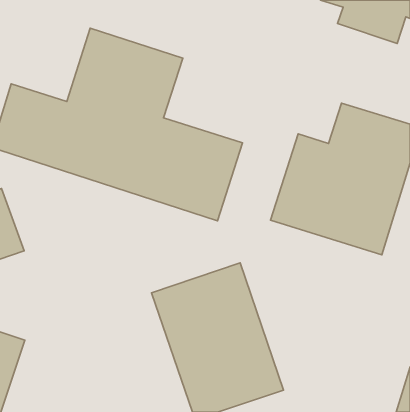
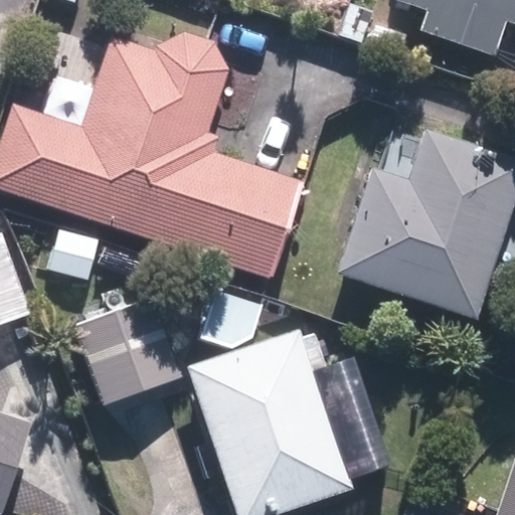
building: none -> [79,300,180,398]

